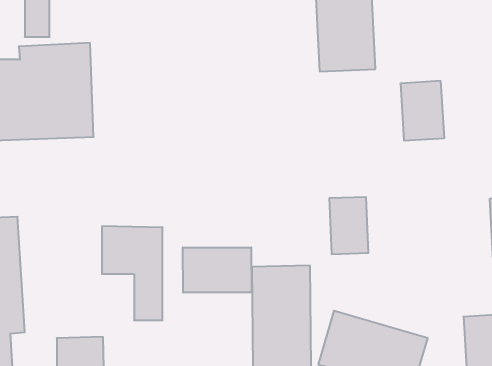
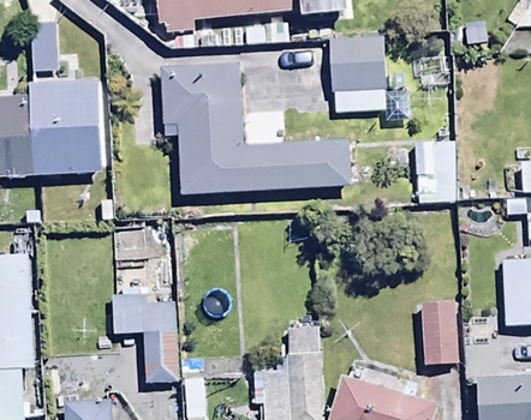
building: none -> [161,70,351,203]
building: [329,197,368,254] -> [418,288,458,346]
building: [183,247,252,293] -> none

